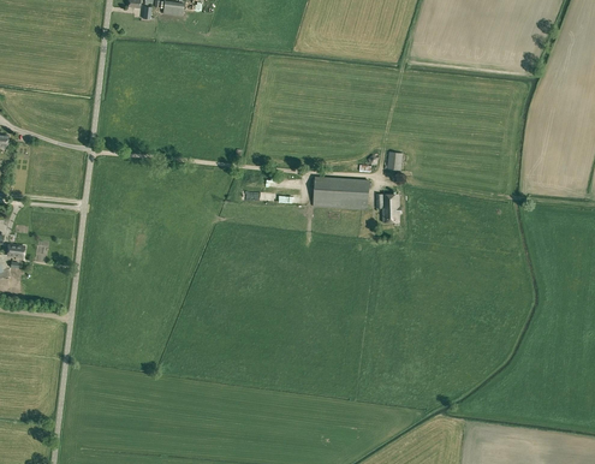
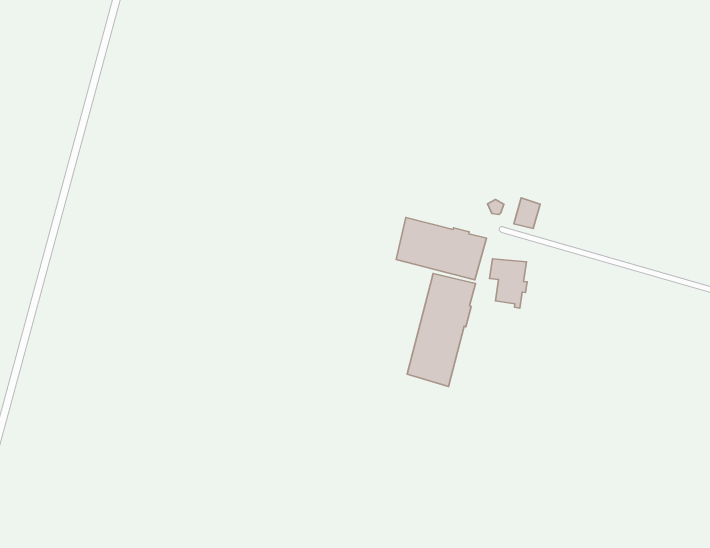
building: none -> [407,274,475,386]

